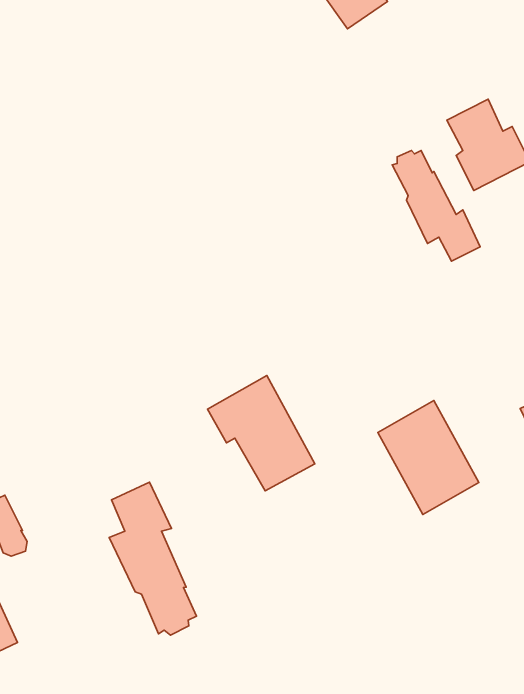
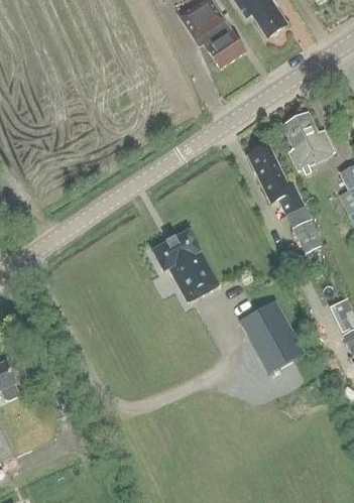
building: none -> [285,205,322,252]
building: [207,376,315,491] -> [151,228,219,300]
building: [109,482,197,635] -> none

